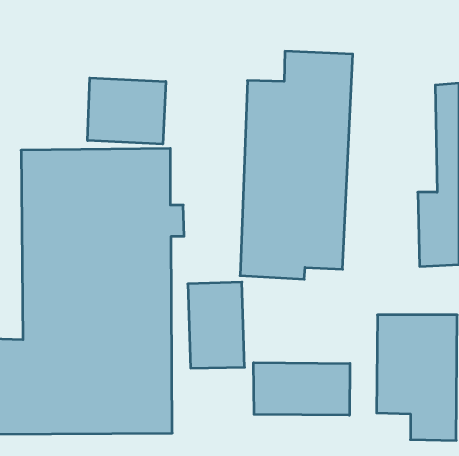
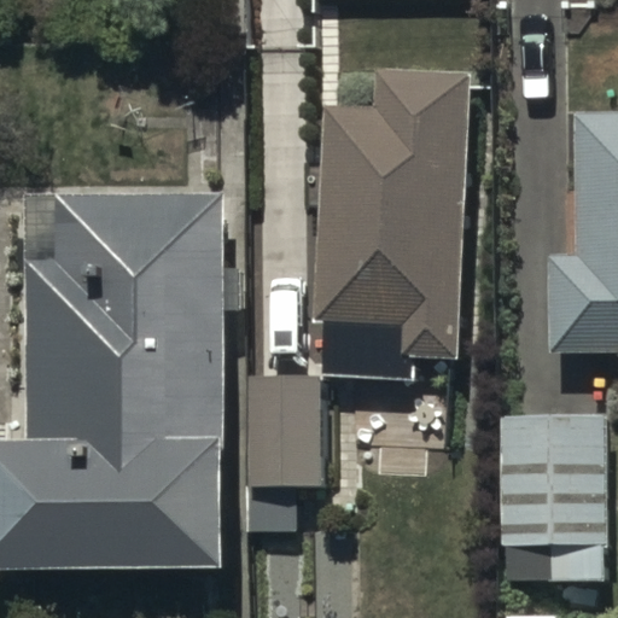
building: [88,78,166,144] -> none
building: [254,363,350,415] -> none

